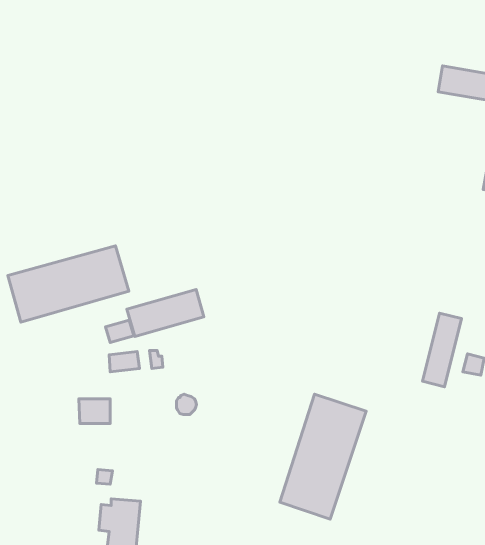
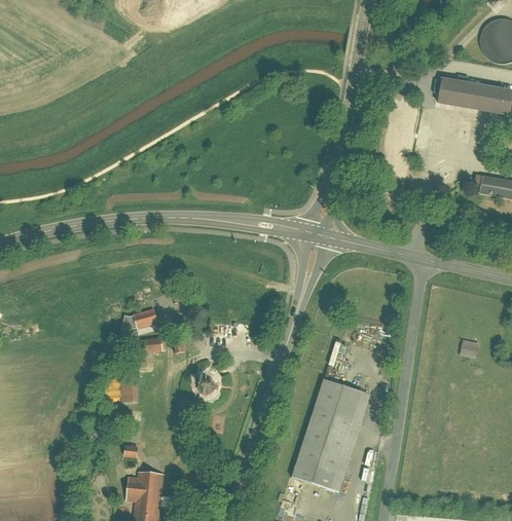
building: [8,246,129,322] -> none
building: [127,289,204,337] -> none
building: [422,313,461,387] -> none

